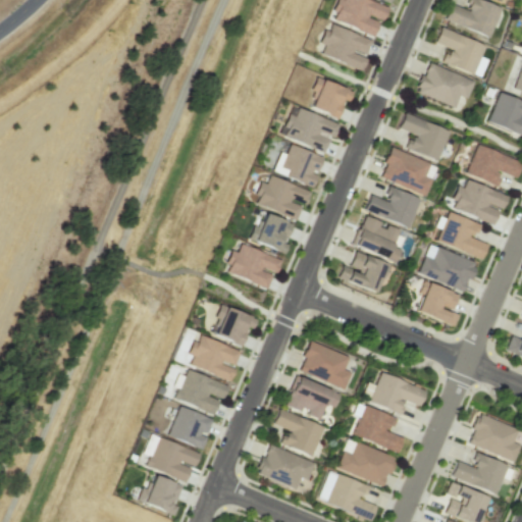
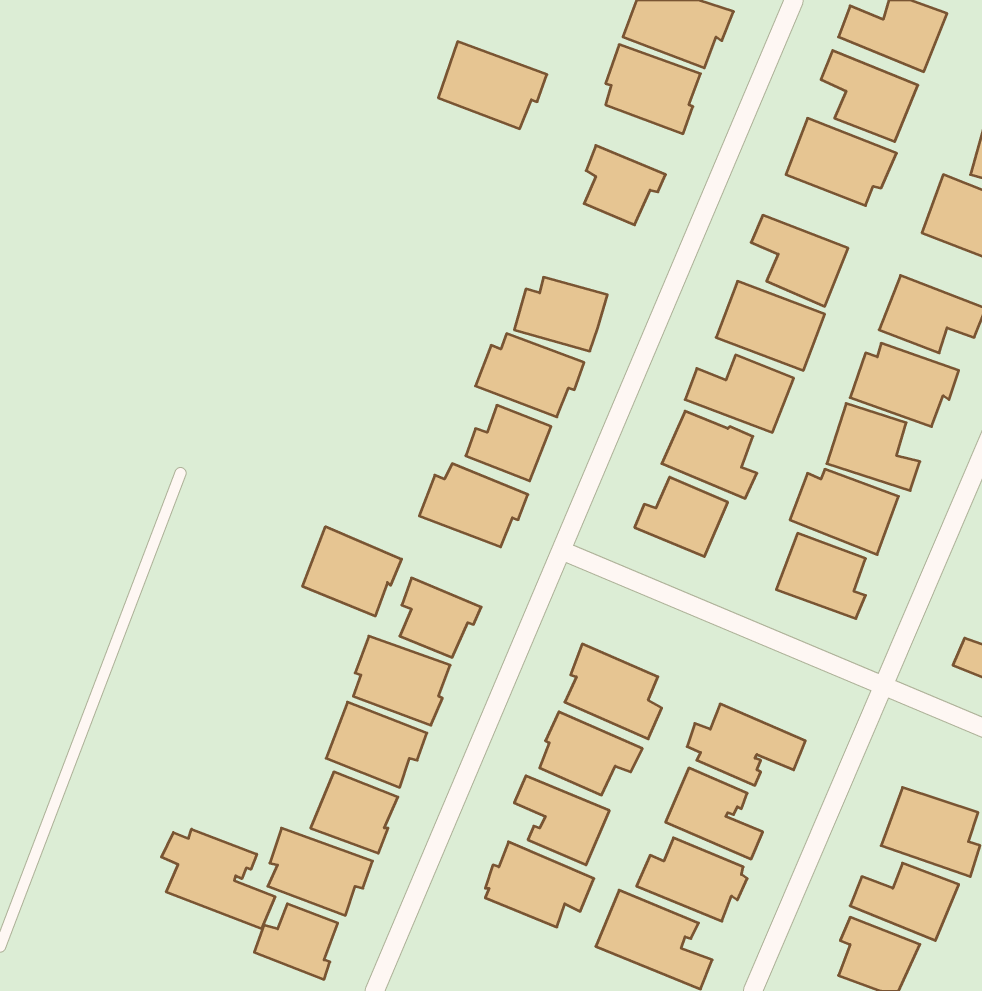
building: [283,106,341,152] -> [438,42,547,129]
building: none -> [303,527,402,616]
building: none -> [161,829,275,929]

